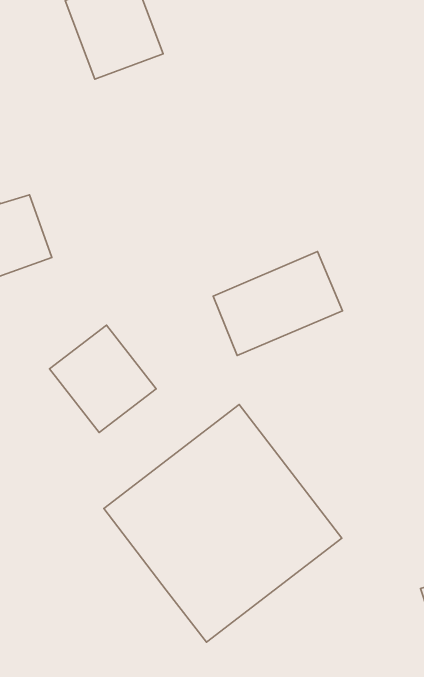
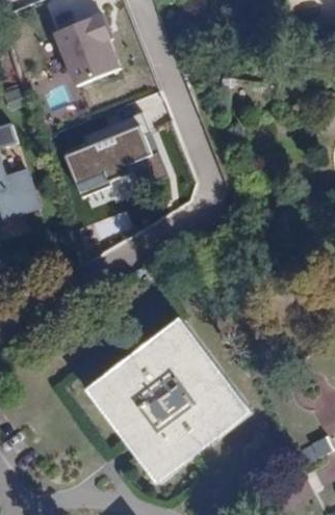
building: [213,252,343,356] -> [69,126,159,198]
building: [50,325,156,433] -> none

